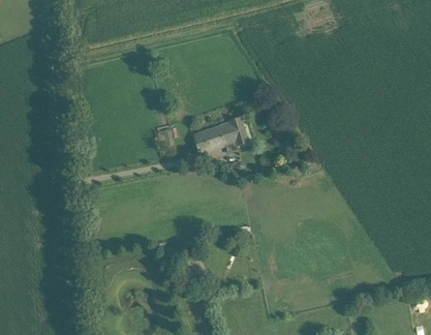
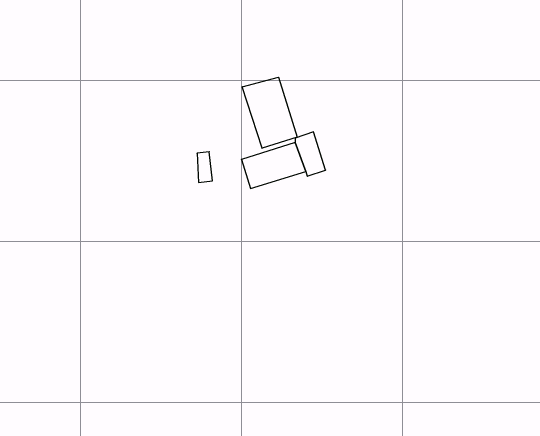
building: none -> [242,77,297,148]

